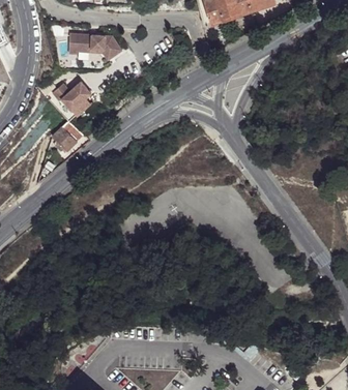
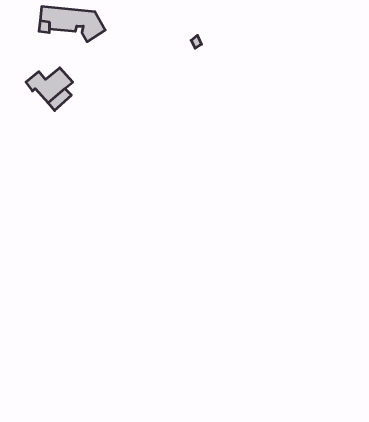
building: [52,120,82,152] -> none

